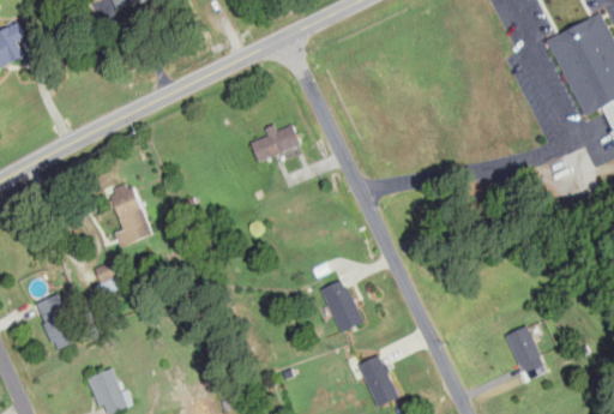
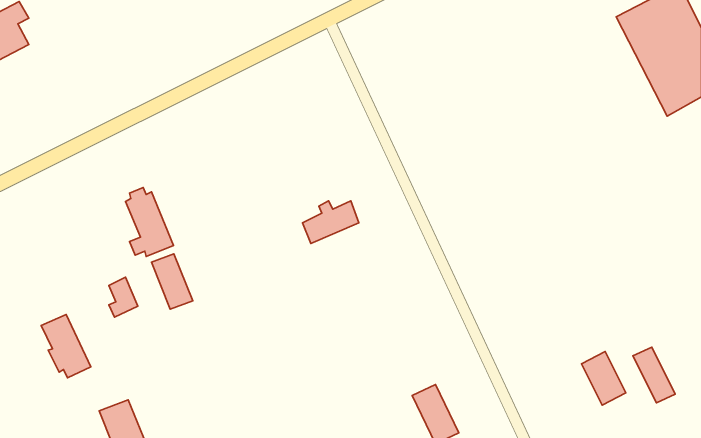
building: [251,124,300,161] -> [302,201,359,243]
building: none -> [152,254,193,309]
building: [321,280,365,332] -> none
building: none -> [633,347,675,403]

